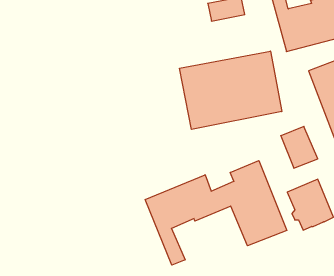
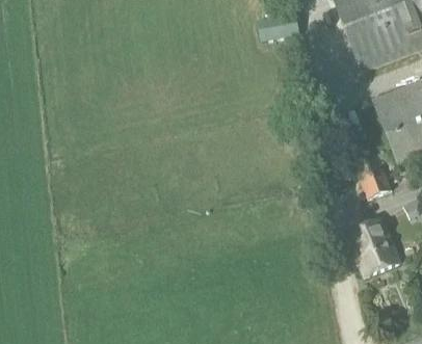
building: [180,51,282,129] -> none
building: [145,161,287,265] -> none

